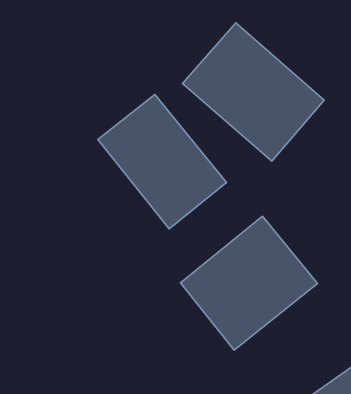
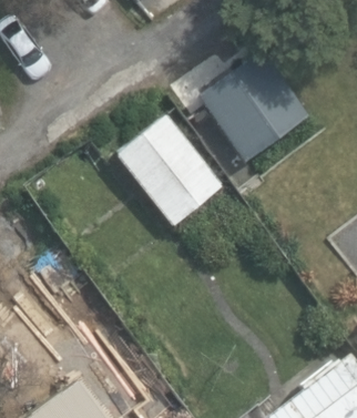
building: [180,216,318,350] -> none

